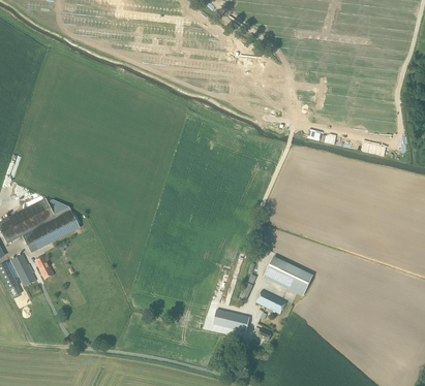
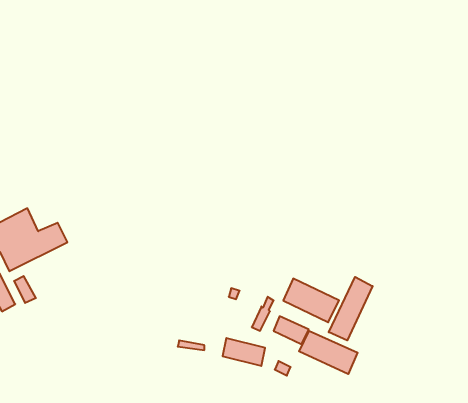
building: none -> [329,277,373,340]
building: none -> [299,331,358,374]

